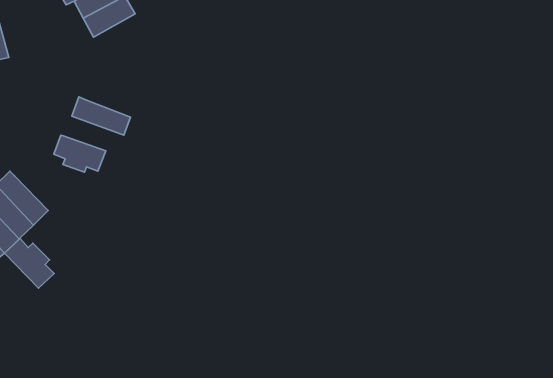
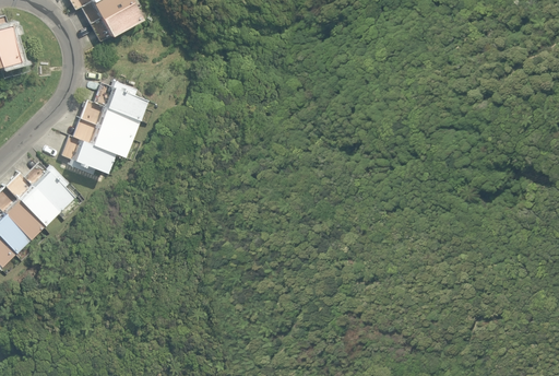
building: none -> [96,82,146,120]
building: none -> [74,119,132,157]
building: [5,239,54,288] -> [26,163,74,211]

